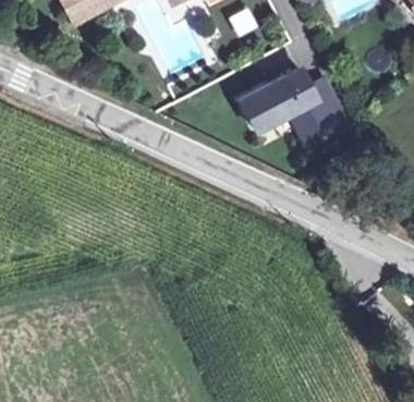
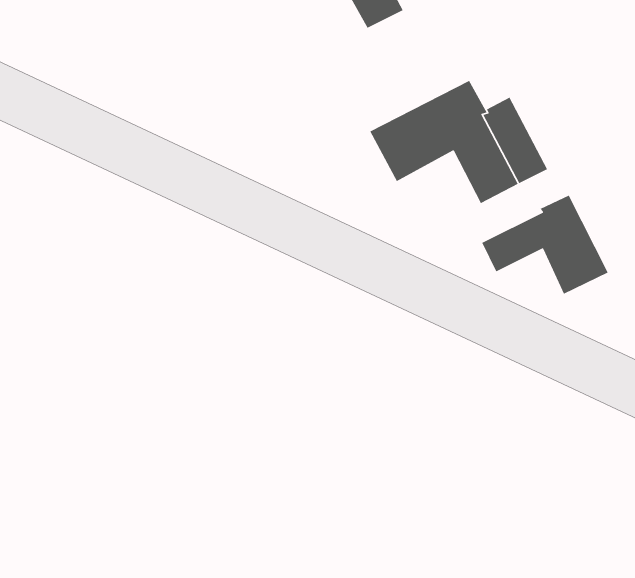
building: none -> [481,195,609,295]

